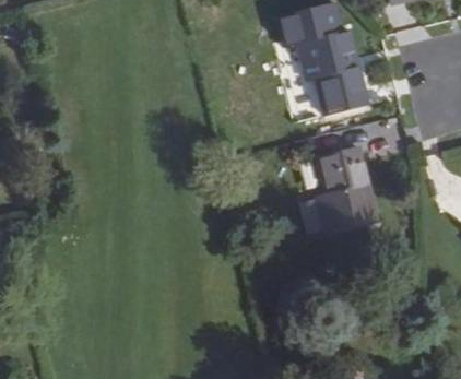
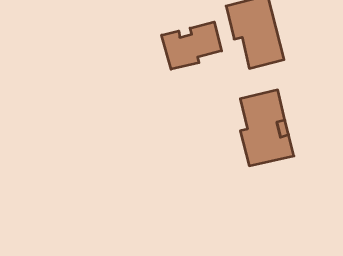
building: none -> [162,22,222,69]

